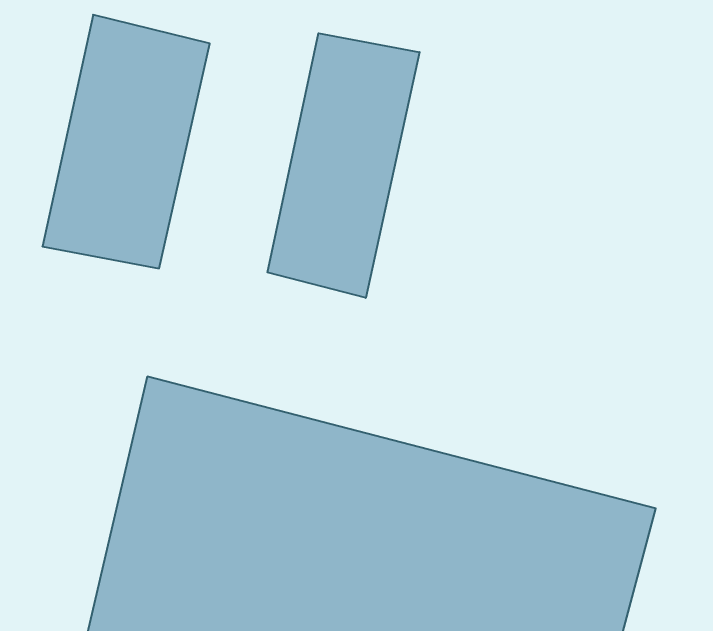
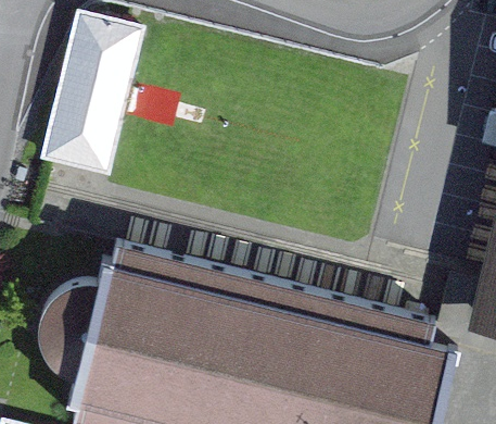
building: [267,33,420,298] -> none

